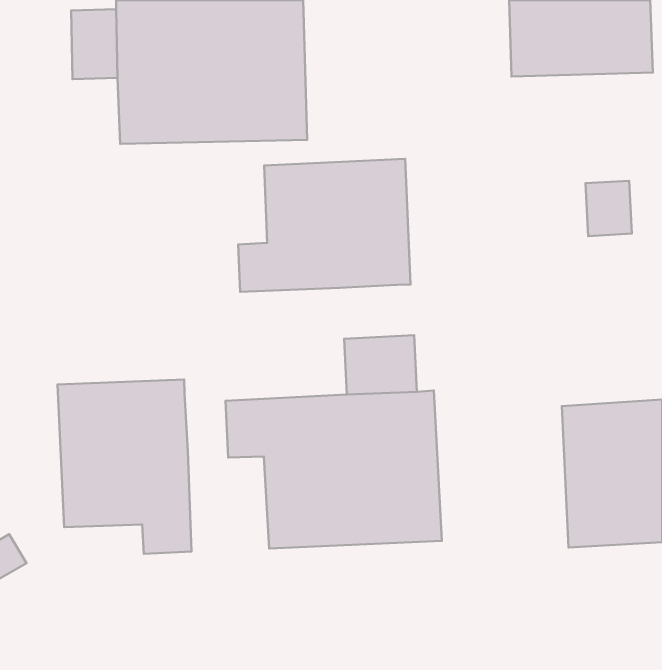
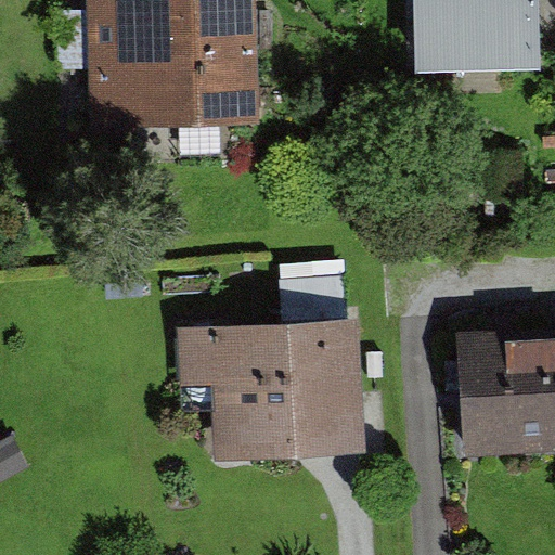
building: [238,159,410,292] -> none
building: [58,379,192,554] -> none

